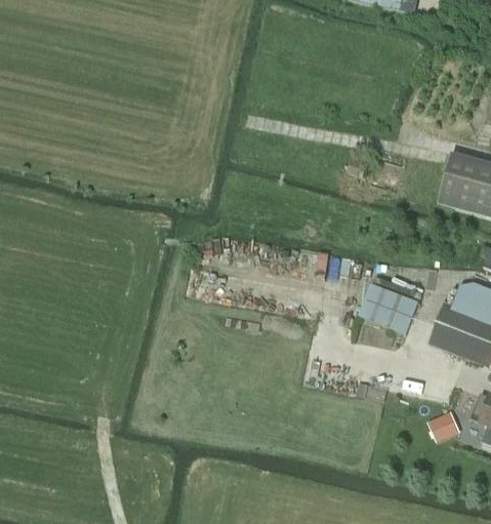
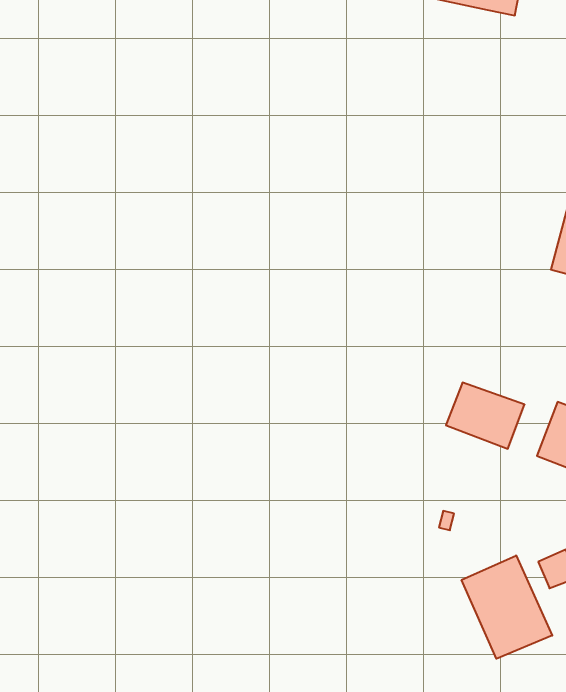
building: none -> [462,555,552,659]

